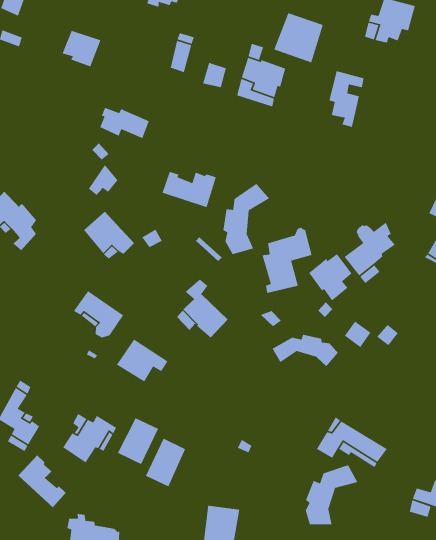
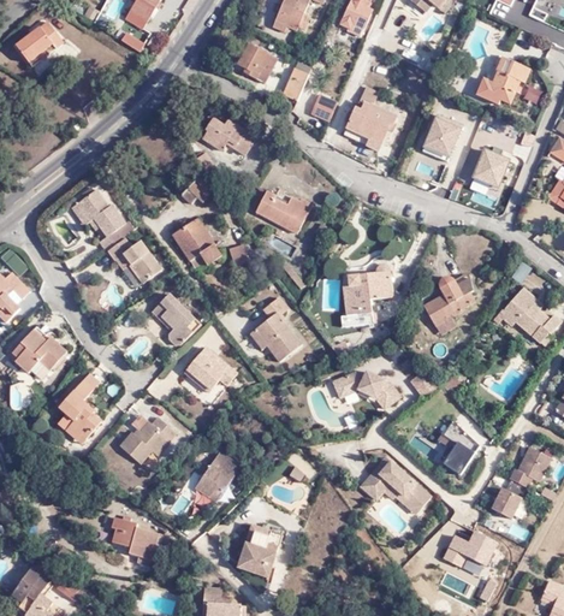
building: [273,12,324,64] -> none
building: [62,30,101,68] -> [233,41,274,81]
building: none -> [465,144,510,192]
building: [222,183,270,255] -> none
building: none -> [108,233,164,282]
building: [308,253,352,302] -> none
building: none -> [435,419,481,474]
building: [117,417,159,465] -> none
building: [17,455,67,508] -> none
building: [305,464,358,525] -> none

